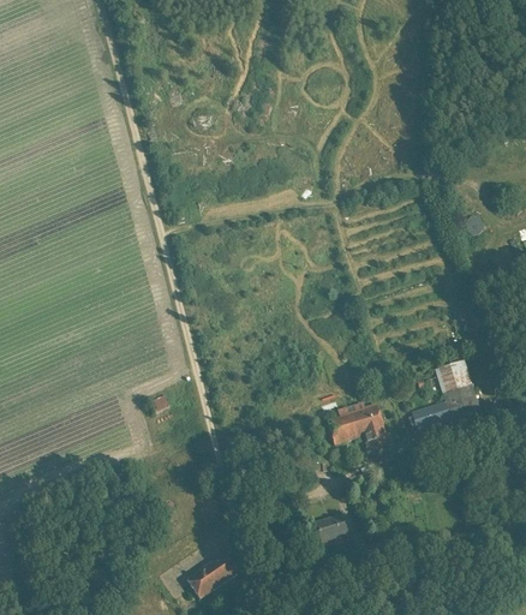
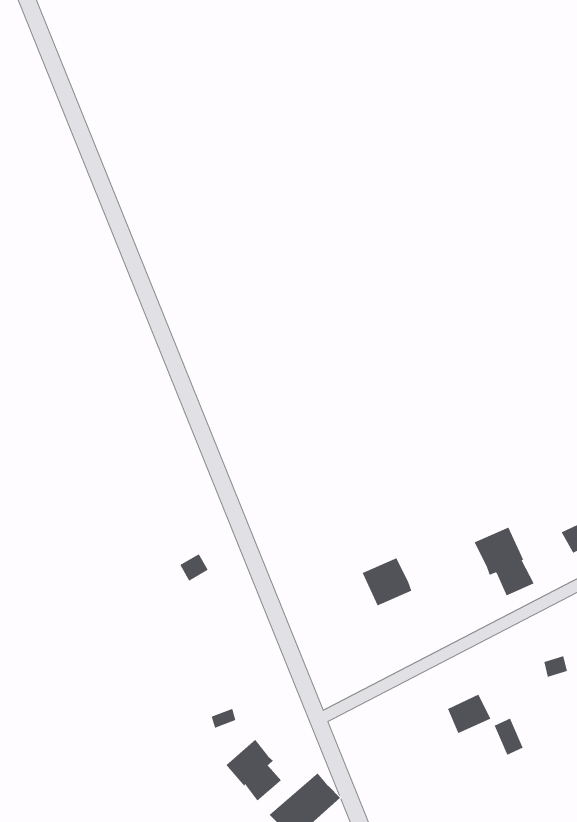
building: [325,412,358,443] -> [362,558,412,606]
building: none -> [225,739,282,802]

